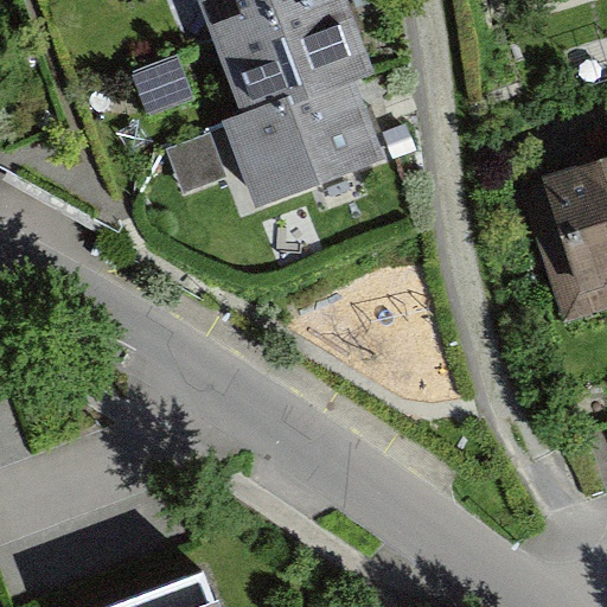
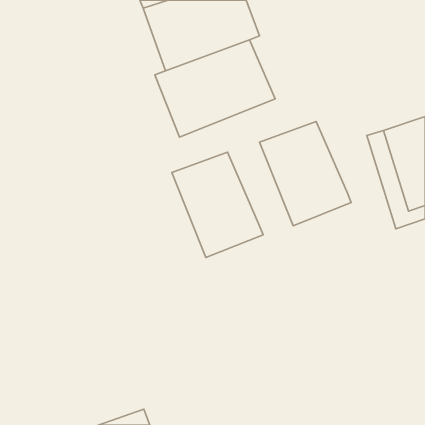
building: none -> [260,121,351,226]
building: none -> [172,152,263,258]

